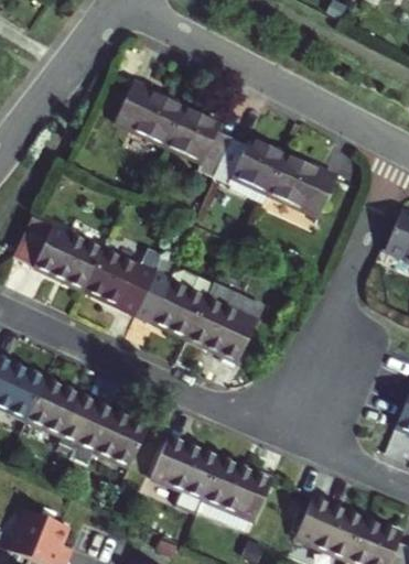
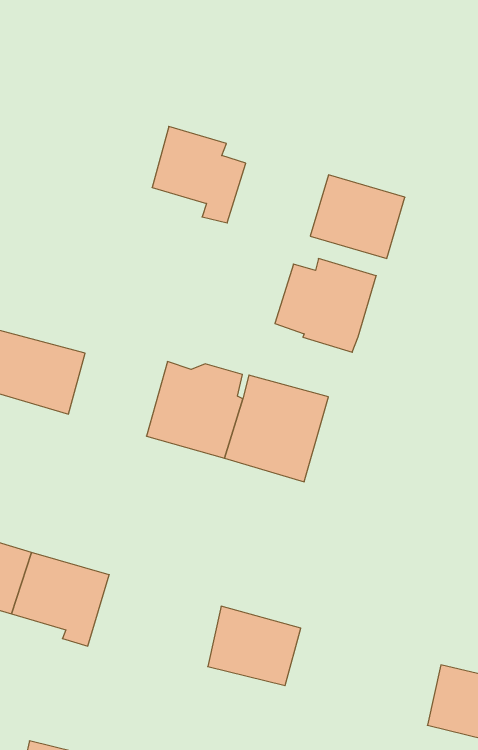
building: [114,80,182,143] -> none
building: [212,135,286,203] -> [275,259,376,352]
building: [84,249,160,312] -> none
building: [73,402,147,466] -> none
building: [197,458,270,529] -> none

